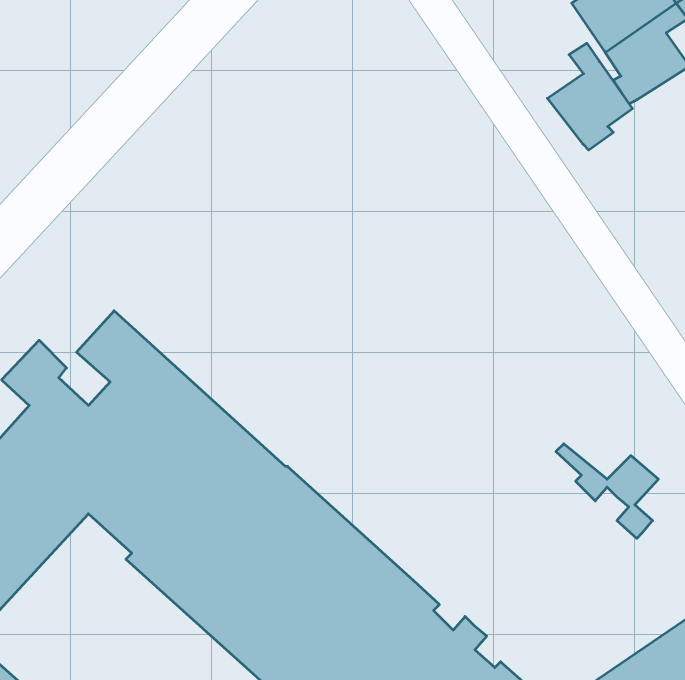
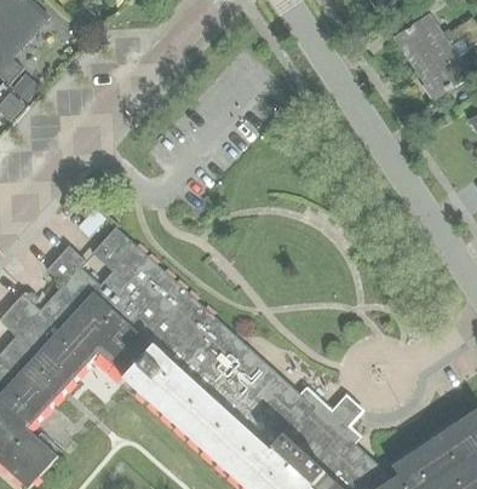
building: [547,43,632,150] -> none
building: [556,444,658,538] -> [299,387,362,445]

